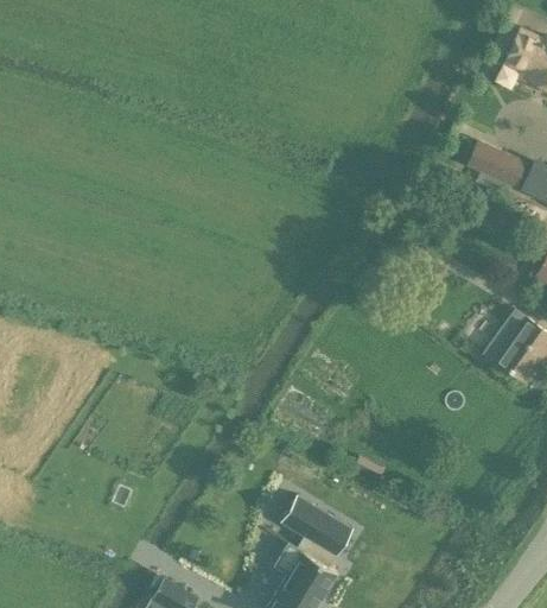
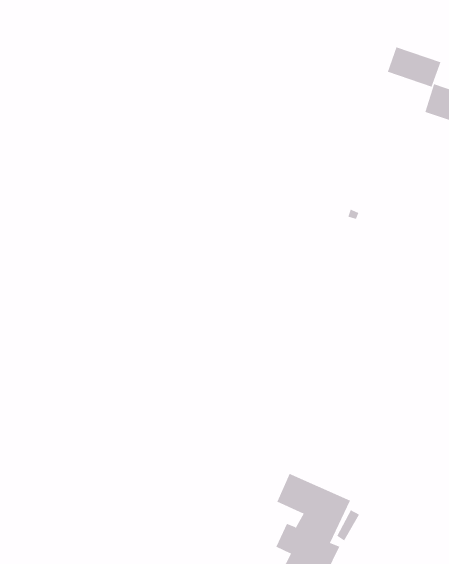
building: none -> [387,47,441,87]

